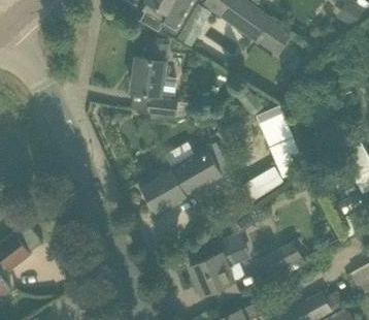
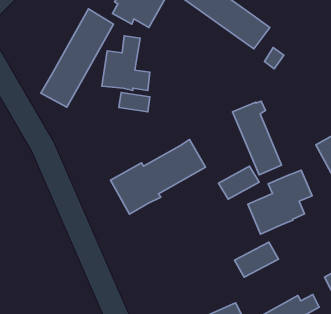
building: none -> [41,9,114,107]
building: [189,232,250,294] -> [248,170,312,234]

